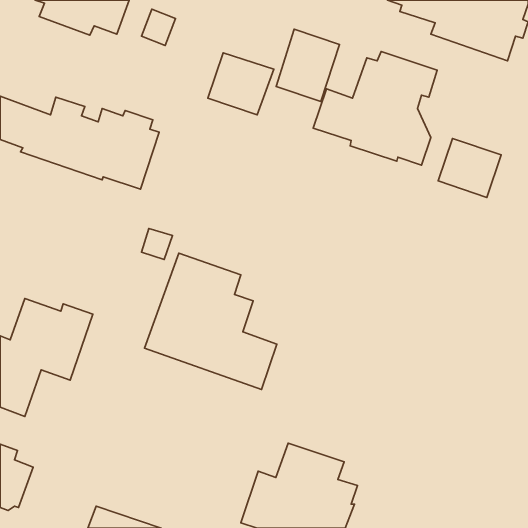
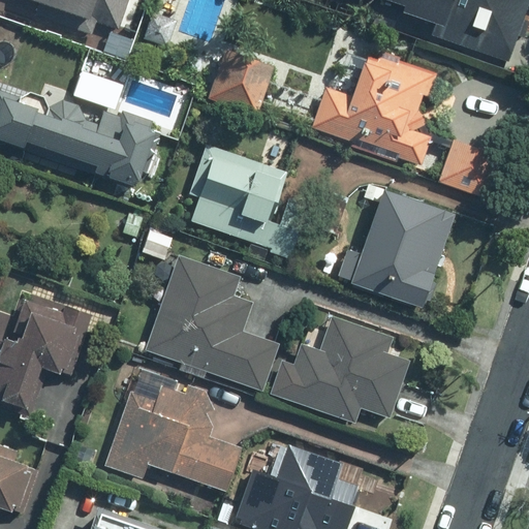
building: [276,29,339,102] -> none
building: none -> [188,144,309,260]
building: none -> [337,190,454,308]
building: none -> [268,314,409,423]
building: none -> [101,367,241,491]

